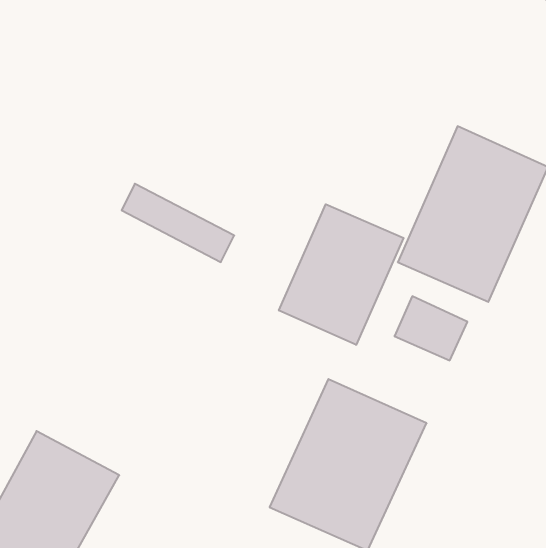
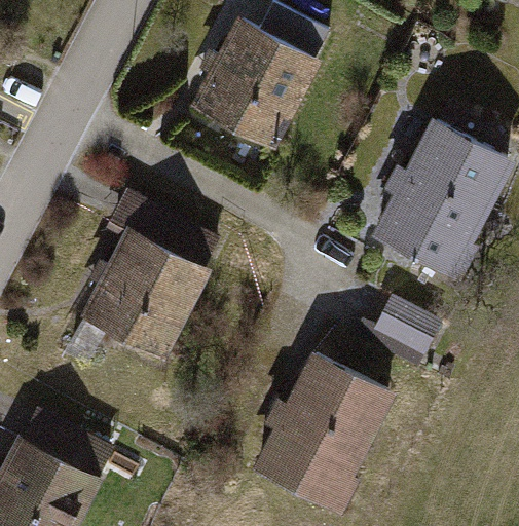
building: none -> [198,20,318,151]
building: [279,204,404,345] -> none
building: none -> [79,224,212,358]

